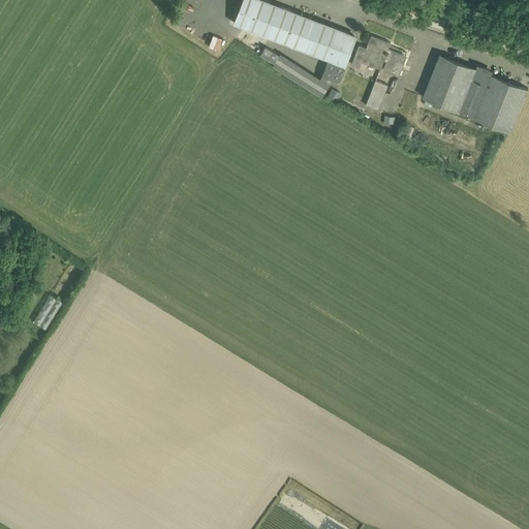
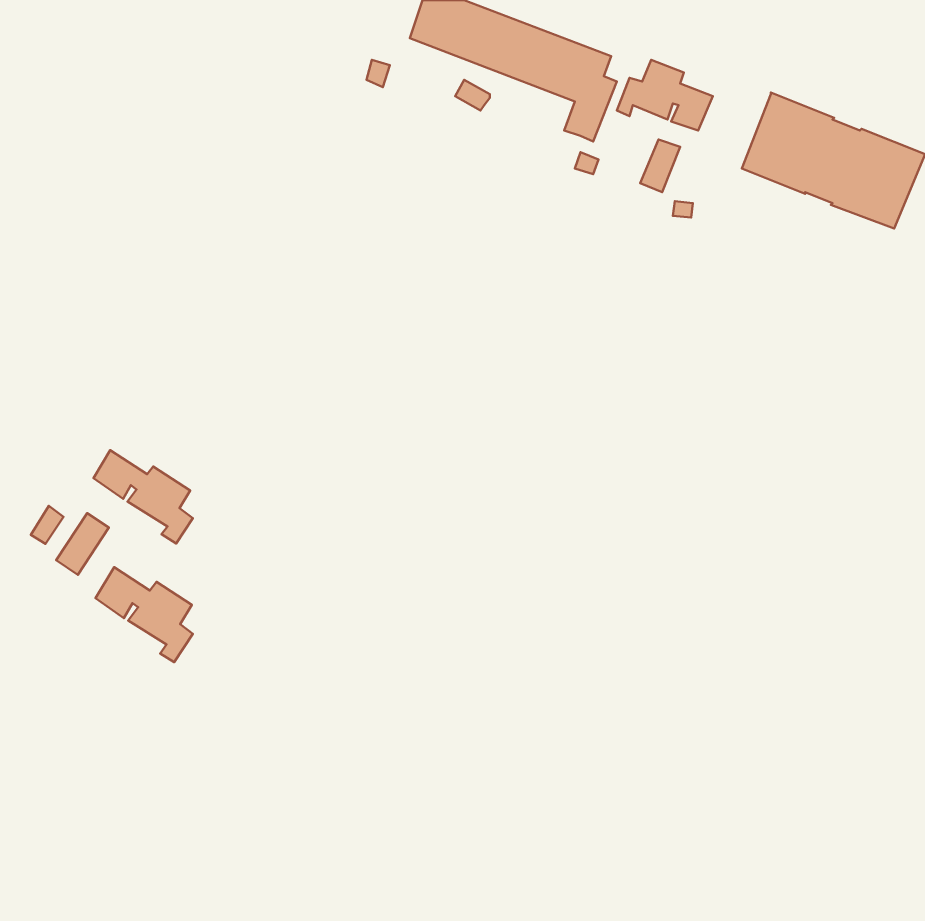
building: none -> [94,450,193,543]
building: none -> [96,567,193,662]

